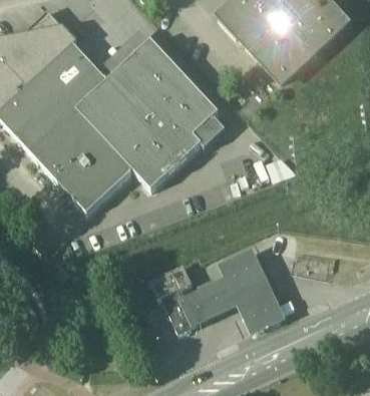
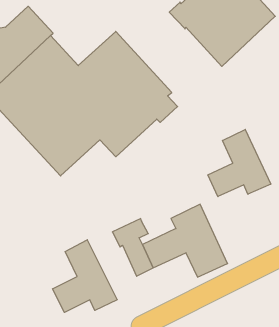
building: none -> [208,129,271,197]
building: none -> [53,240,117,312]

